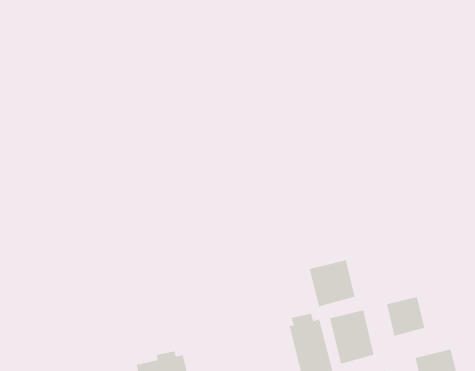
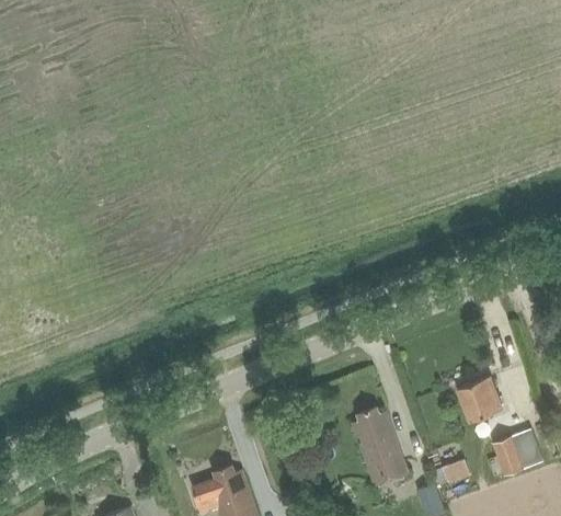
building: [309,259,355,307] -> none
building: [329,310,374,364] -> none

